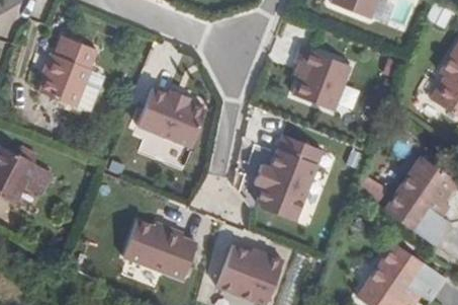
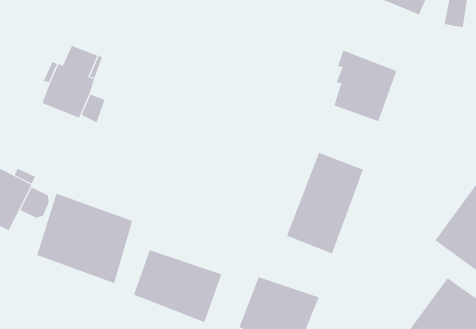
building: [134,85,205,149] -> none
building: none -> [36,193,133,284]

